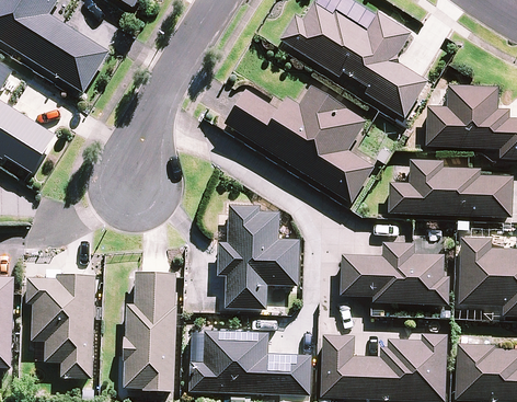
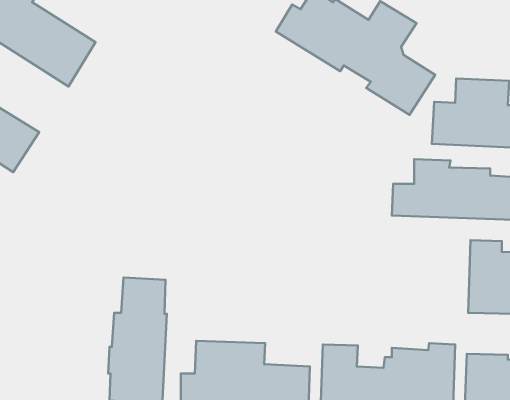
building: [223,85,374,204] -> none
building: [218,203,299,308] -> none
building: [340,241,448,302] -> none
building: [27,274,96,378] -> none

